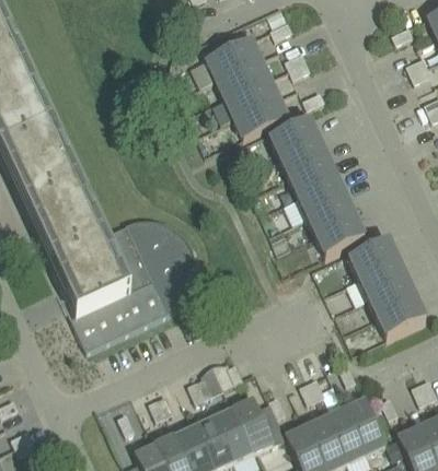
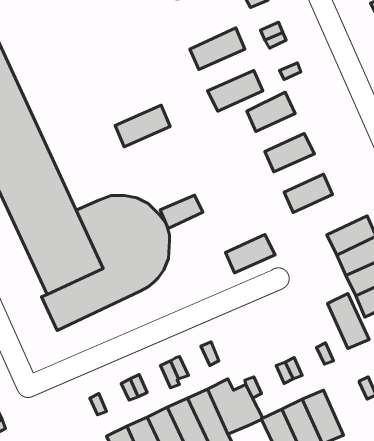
building: [207,36,261,76] -> none
building: [224,76,278,117] -> [115,105,170,147]
building: [280,139,327,176] -> none
building: [298,178,346,215] -> none
building: [316,217,365,255] -> [226,234,275,273]
building: none -> [160,195,203,228]
building: [346,398,387,451] -> [328,293,369,349]

